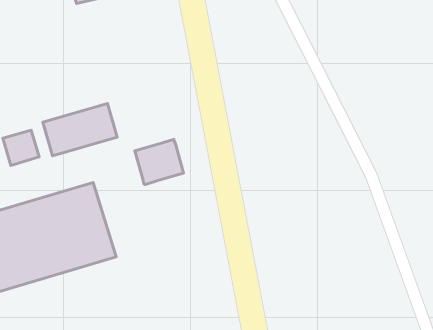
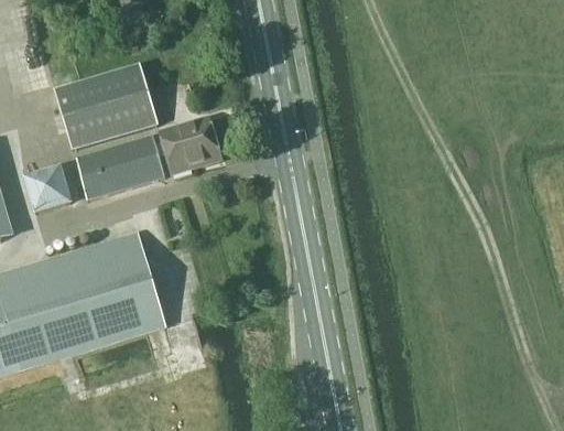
building: none -> [55,64,158,149]
building: [135,139,184,185] -> [162,117,223,173]

